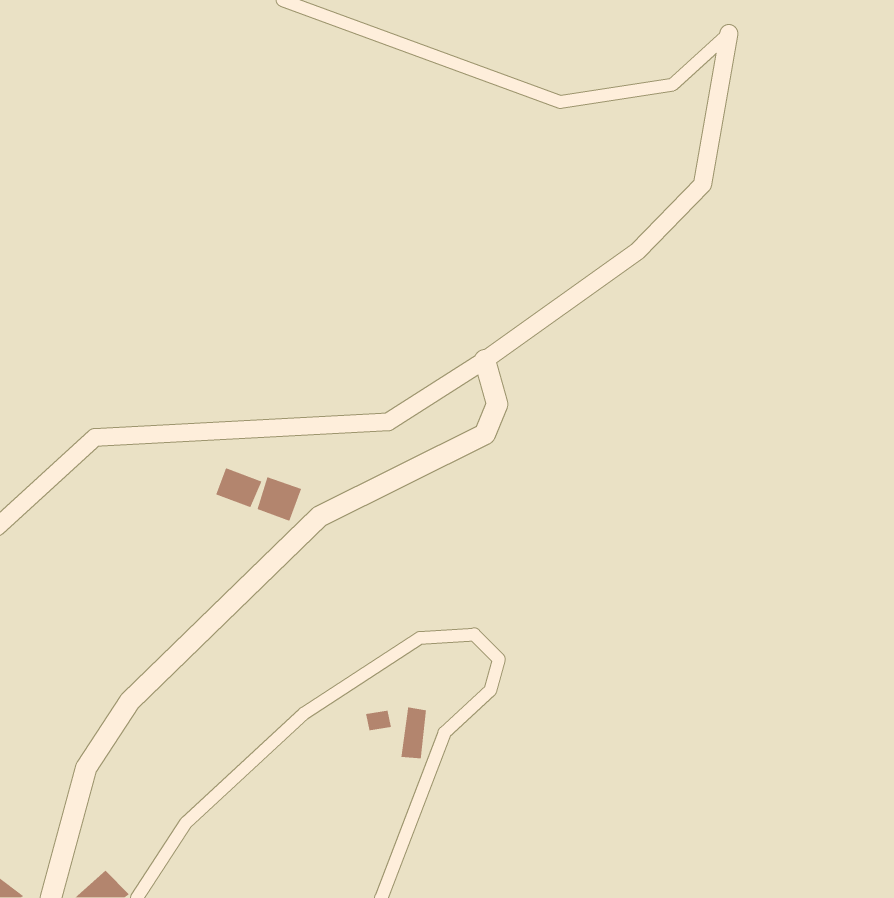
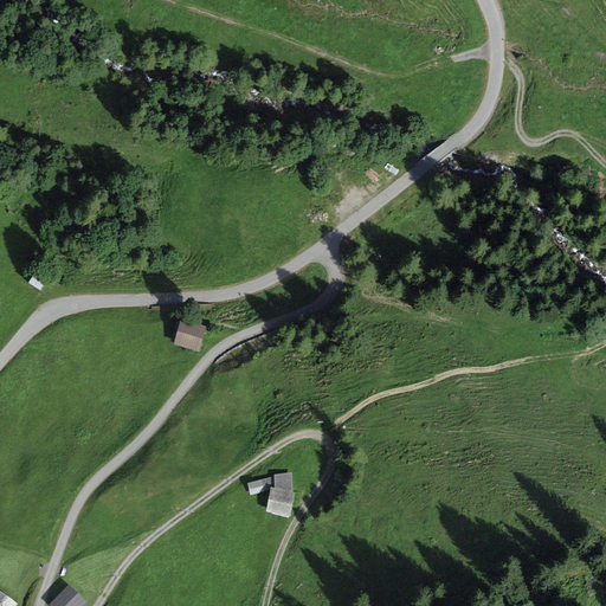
building: [215,467,263,508] -> none

